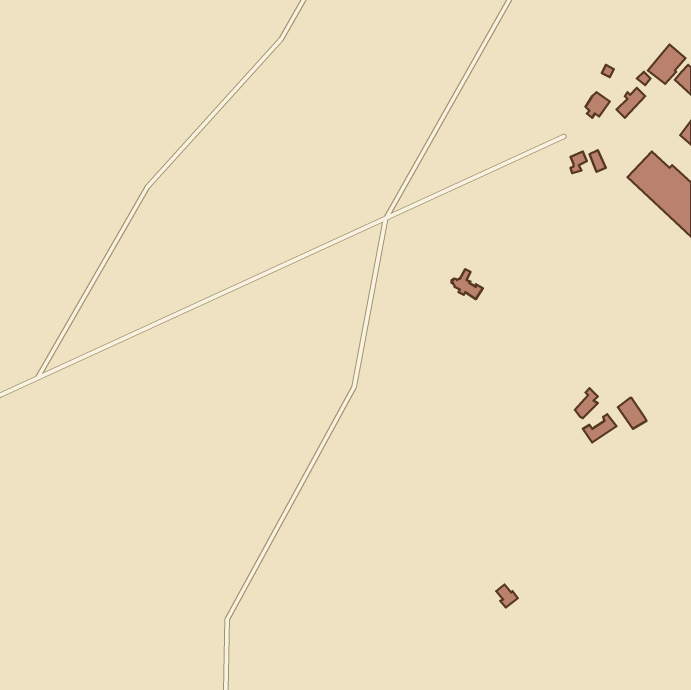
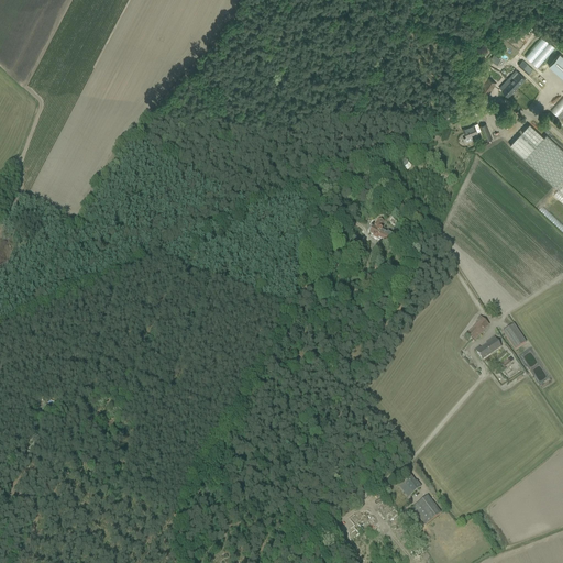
building: none -> [411,495,441,525]

